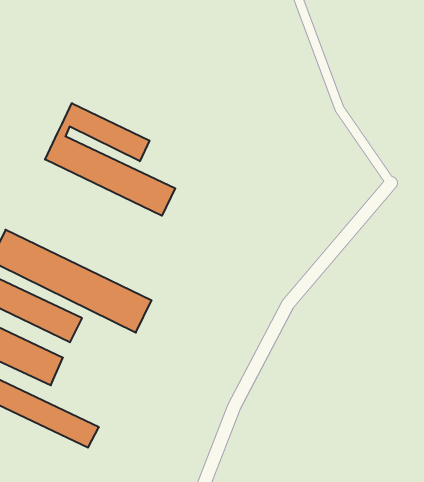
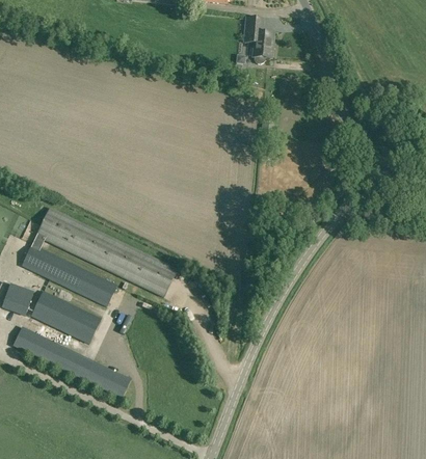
building: none -> [244,17,272,63]
building: [45,103,175,216] -> none

